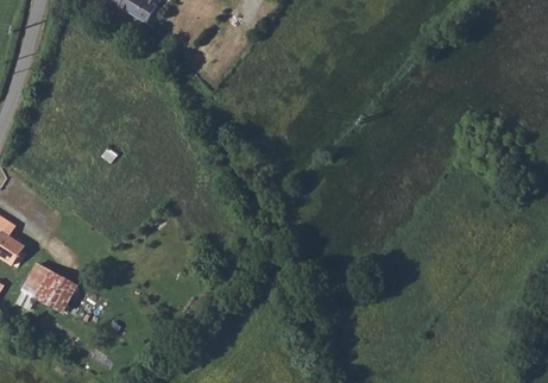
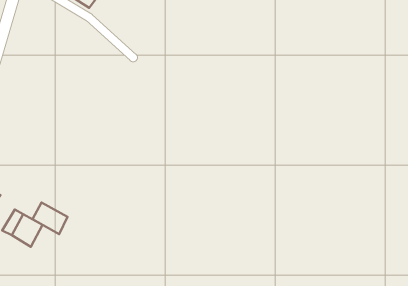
building: none -> [33,203,67,234]

